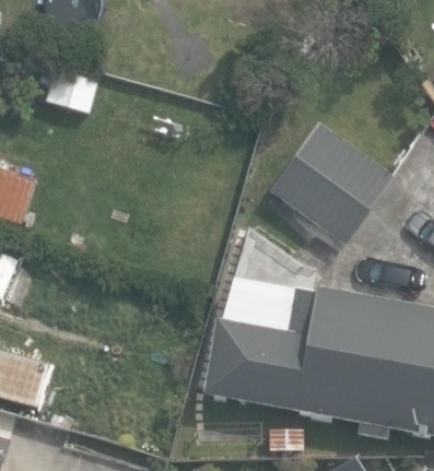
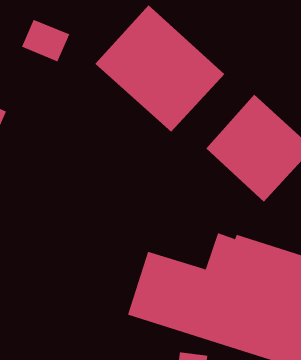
building: none -> [95,4,225,133]

